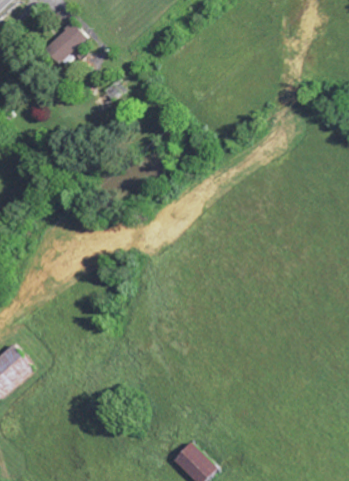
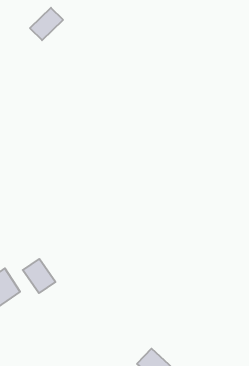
building: none -> [23,259,55,293]

